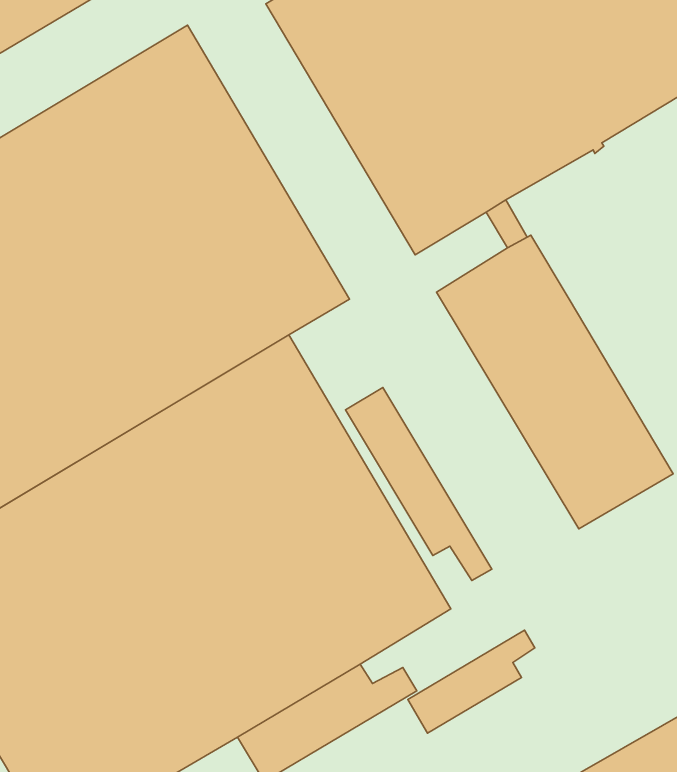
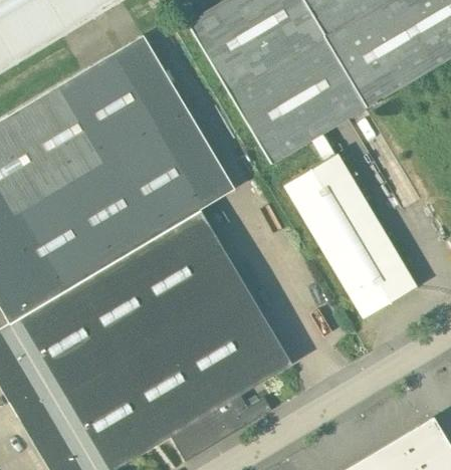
building: [345,388,492,580] -> none
building: [408,630,535,733] -> none

